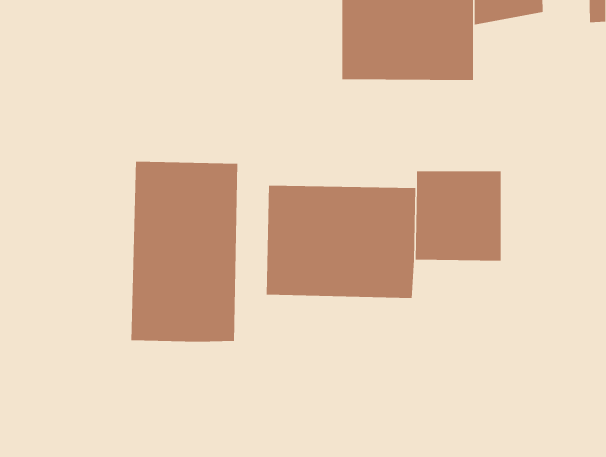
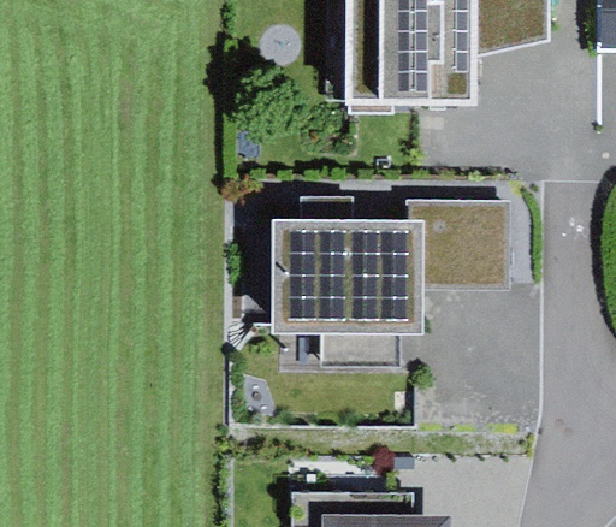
building: [131,161,238,343] -> none

